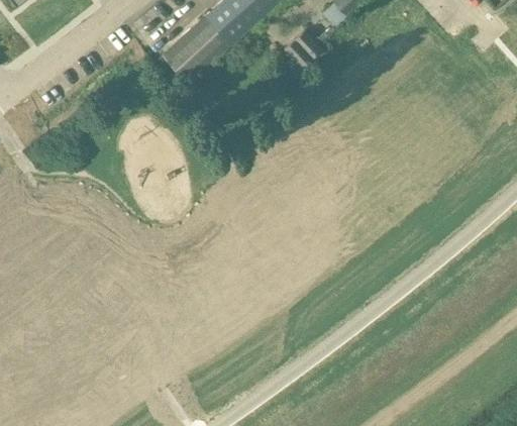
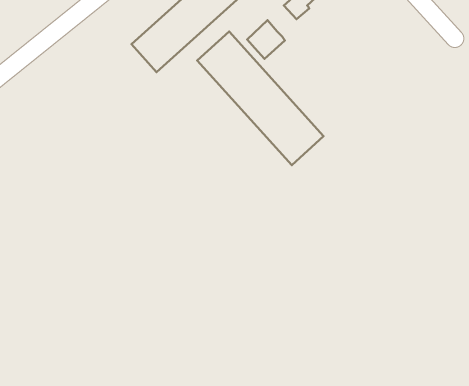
building: none -> [197,32,324,165]

